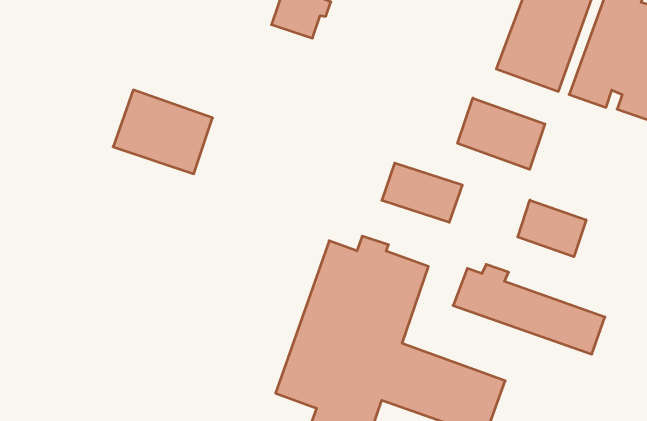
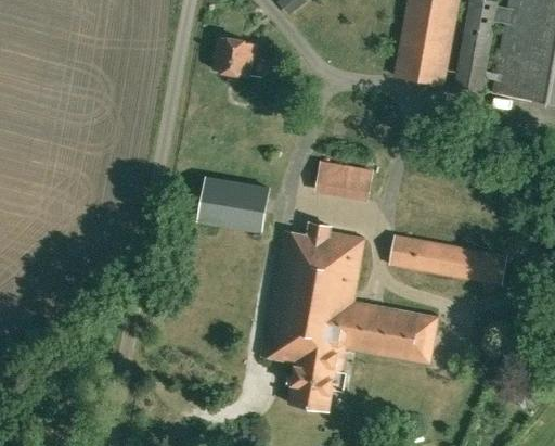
building: [113,90,213,174] -> [197,176,271,233]
building: [458,98,545,169] -> none
building: [518,200,586,257] -> none

